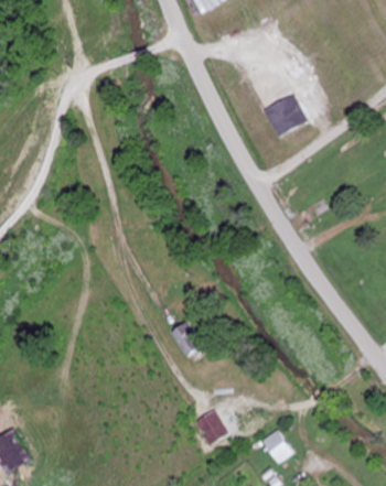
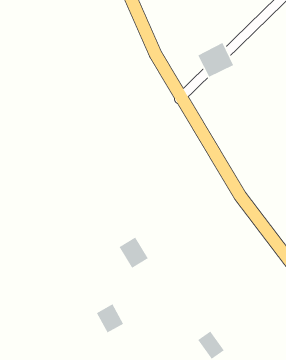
building: [195,410,228,445] -> [96,303,124,334]

